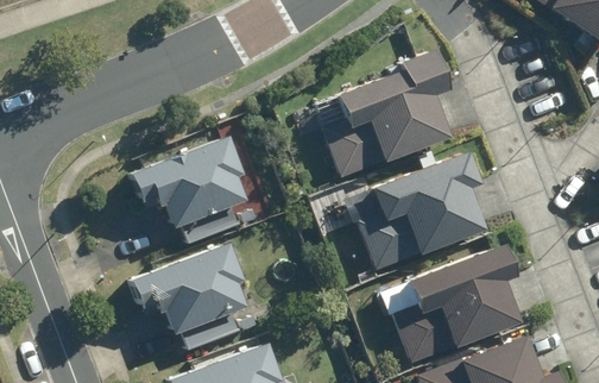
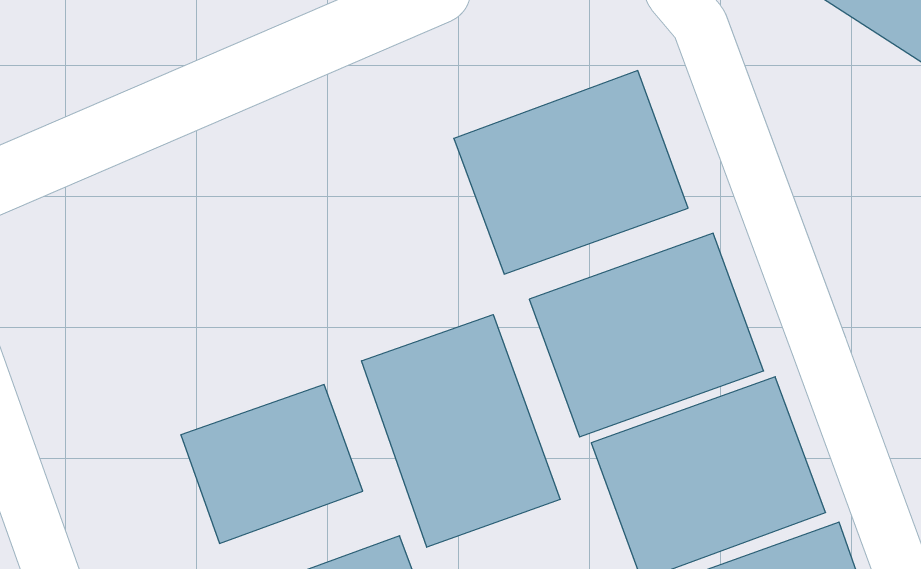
building: [137,137,248,236] -> none
building: none -> [362,315,560,547]

